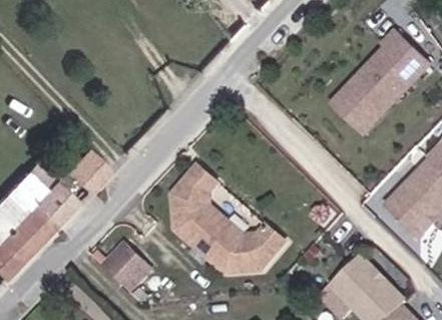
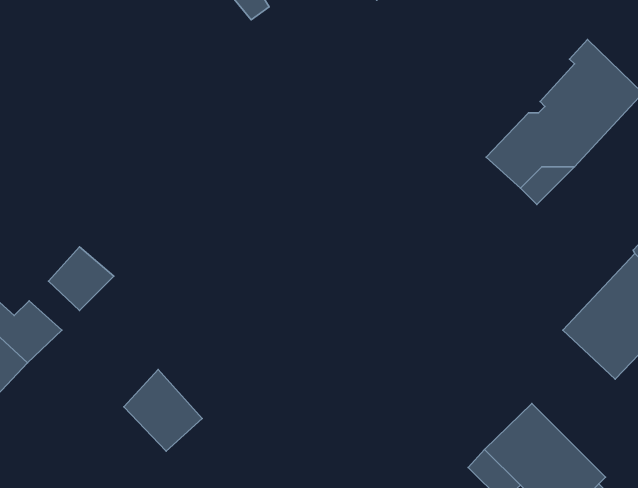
building: [177,164,291,265] -> none

